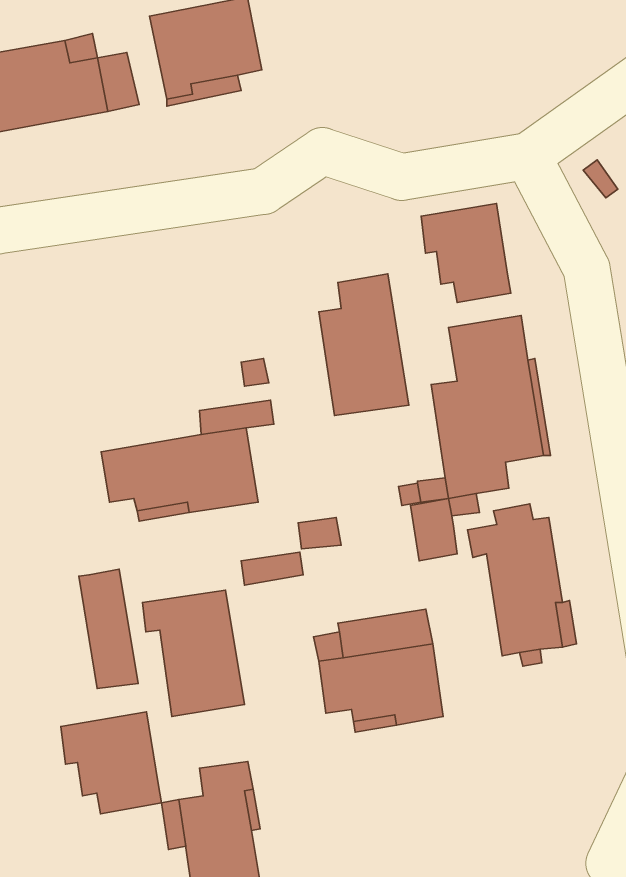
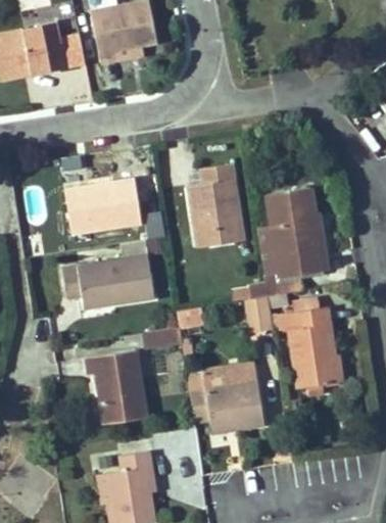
building: [421,203,511,302] -> none
building: none -> [65,180,138,234]
building: [79,569,138,688] -> none
building: [61,712,162,814] -> none

